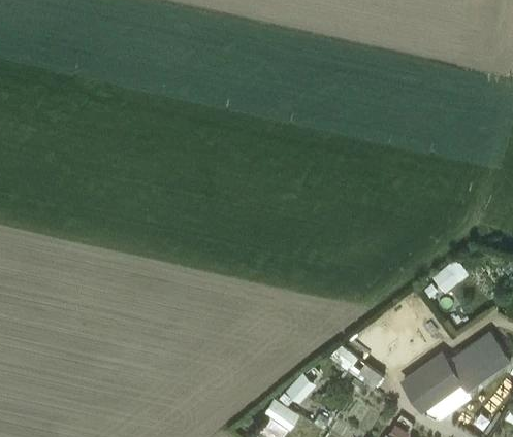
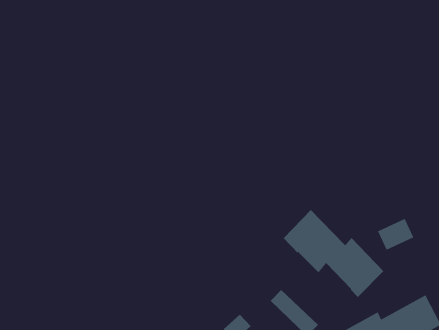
building: none -> [283,209,384,298]

